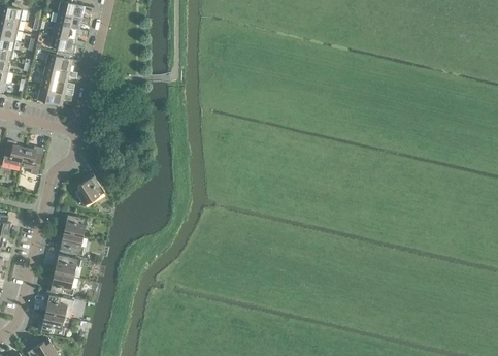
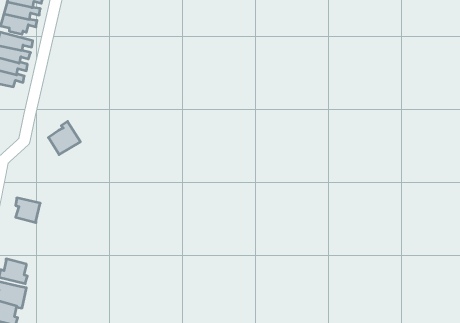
building: [72,172,103,204] -> [48,121,80,155]
building: [55,231,82,255] -> none
building: [53,253,80,278] -> none

